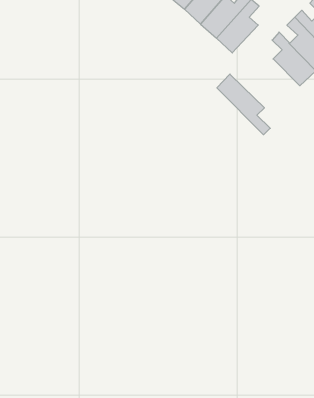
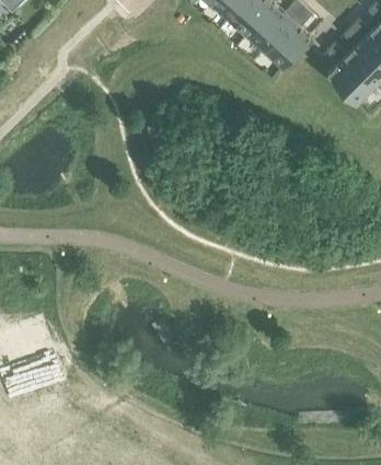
building: [217,74,270,135] -> none

